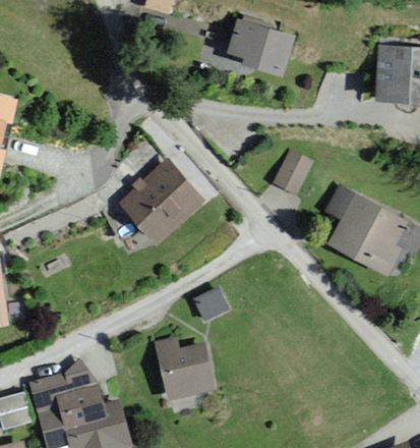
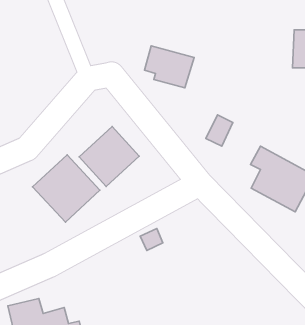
building: [227,22,287,73] -> [144,46,194,88]
building: none -> [33,155,100,222]
building: [158,341,217,401] -> none

